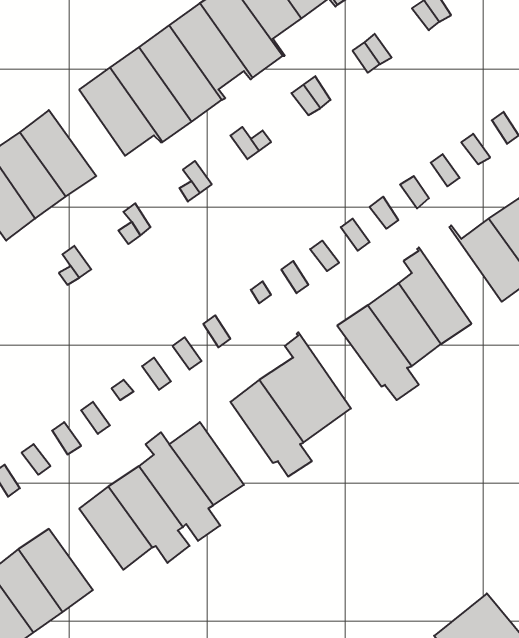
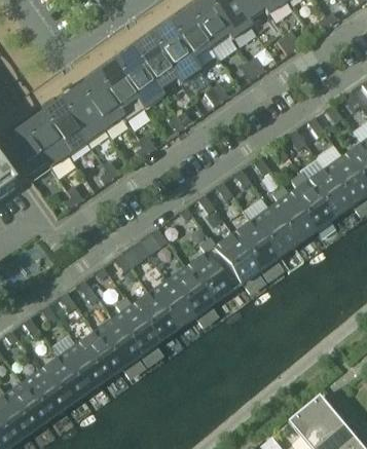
building: none -> [58,89,104,142]
building: none -> [282,173,332,231]
building: none -> [209,232,263,291]
building: none -> [149,278,193,329]
building: none -> [58,343,103,392]

